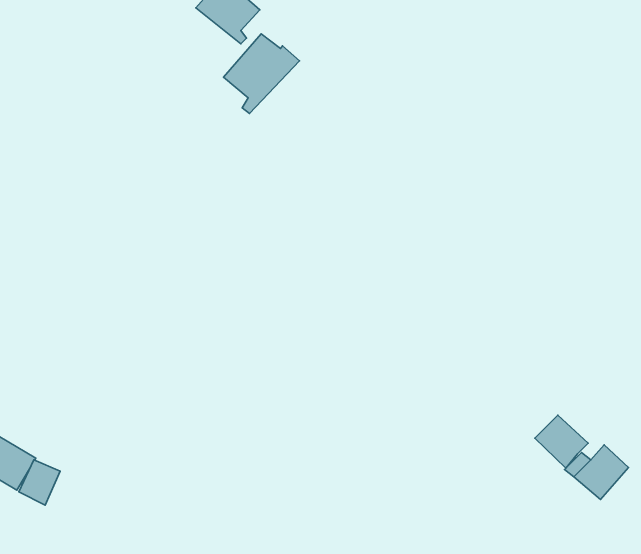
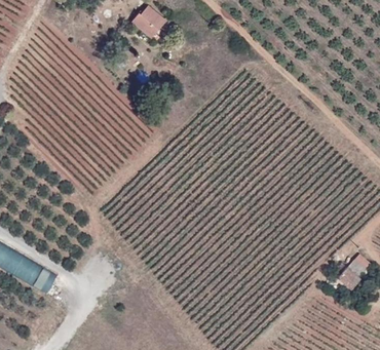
building: [224,34,300,113] -> none
building: [535,415,588,468] -> none

